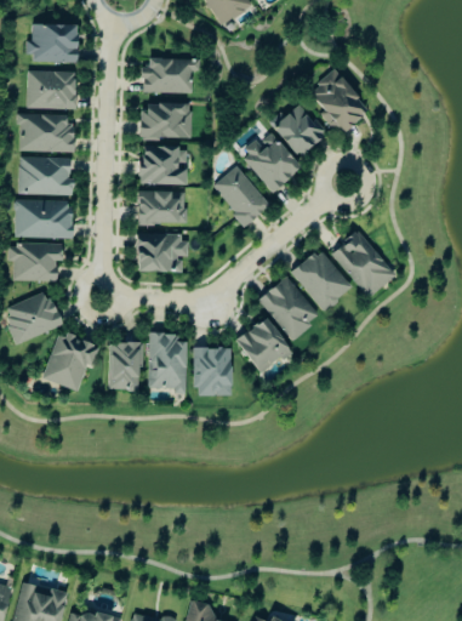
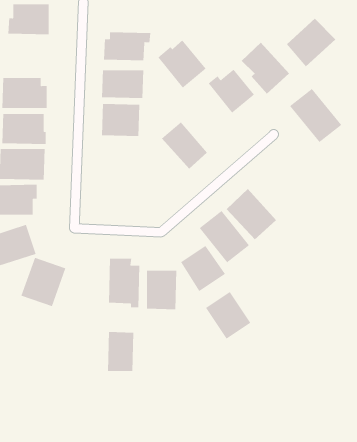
building: none -> [286,18,336,67]
building: [28,72,75,109] -> none
building: [241,133,301,193] -> [158,40,206,88]
building: [137,192,186,224] -> none
building: [331,232,395,298] -> [289,88,342,143]
building: [136,234,186,273] -> none
building: [108,342,141,391] -> [107,332,134,372]
building: none -> [205,291,251,340]

